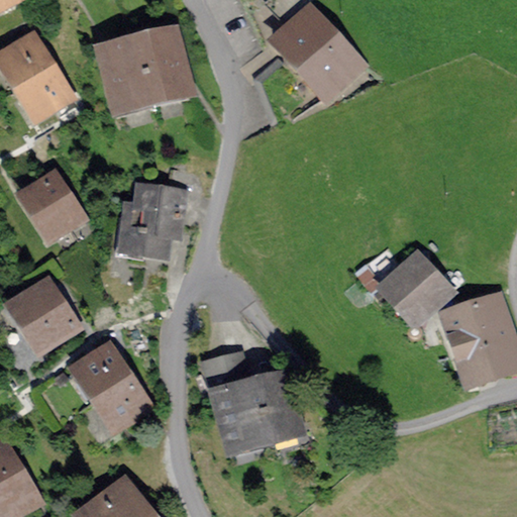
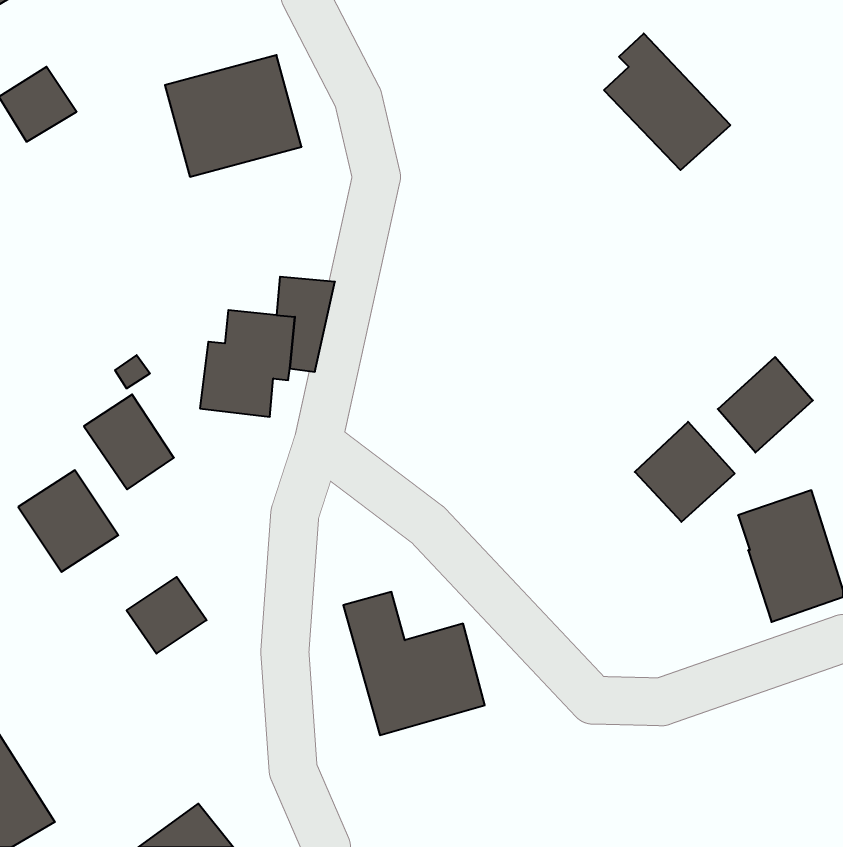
building: [281,9,357,92] -> [604,33,730,170]
building: [16,68,64,113] -> none
building: [21,176,76,233] -> [84,394,174,489]
building: none -> [718,357,813,453]
building: [95,376,143,423] -> none

